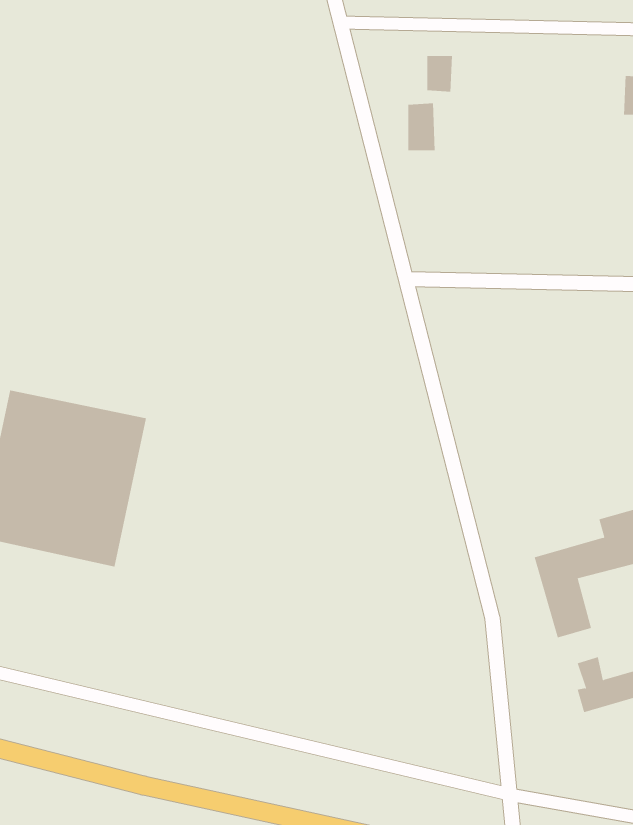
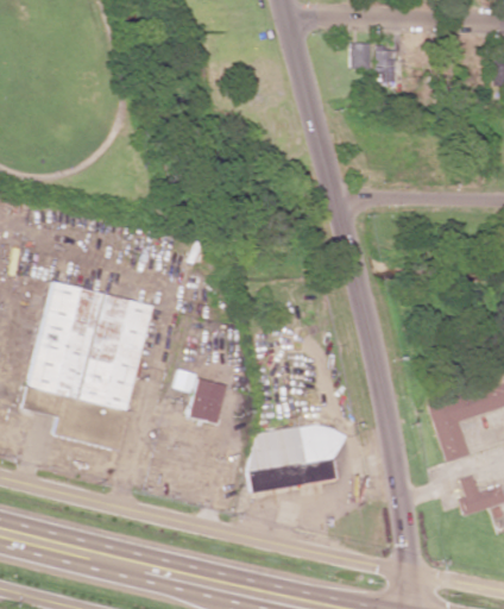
building: [407,103,436,151] -> [376,48,396,82]
building: none -> [190,378,227,422]
building: none -> [247,423,341,491]

